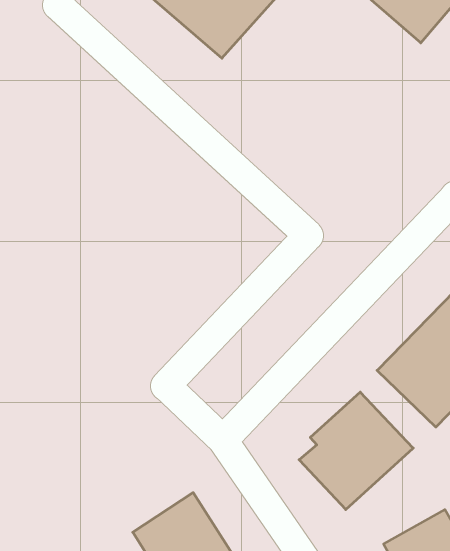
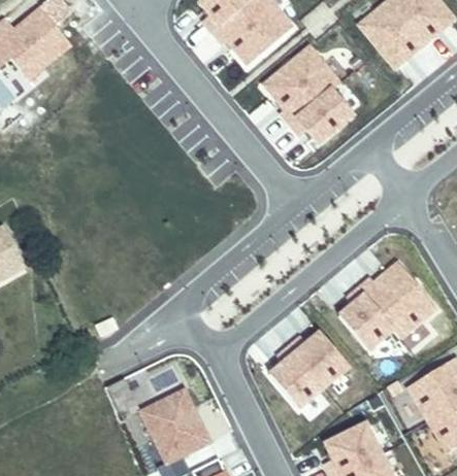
building: none -> [260,44,362,151]

